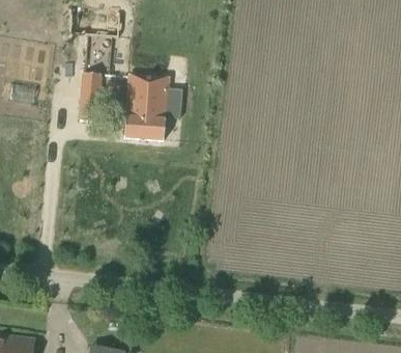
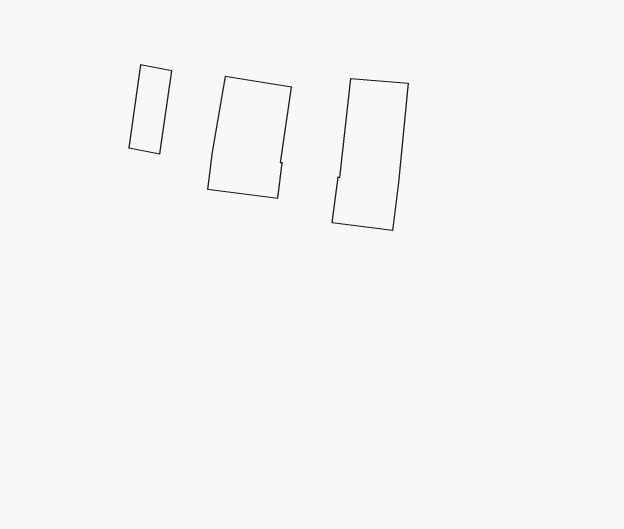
building: none -> [332,79,408,230]

